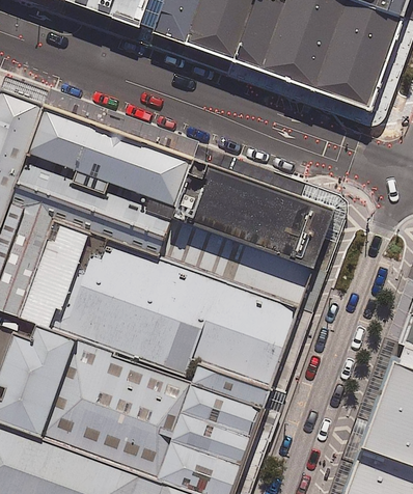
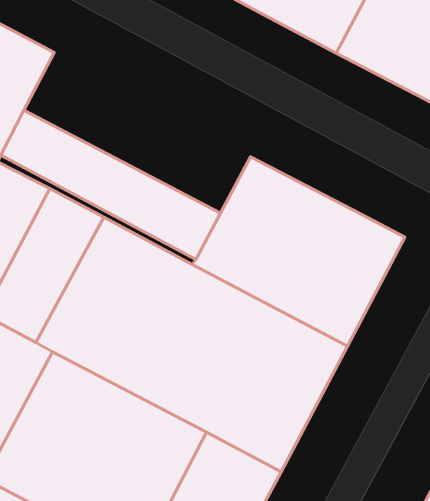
building: [33,106,209,209] -> none

